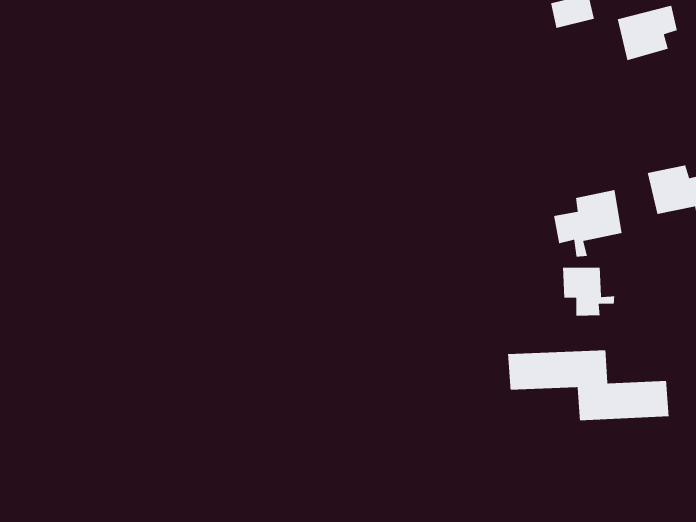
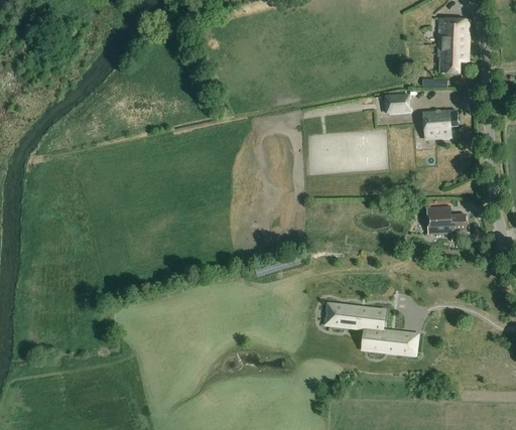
building: [553,189,623,258] -> none
building: [562,267,615,317] -> none

